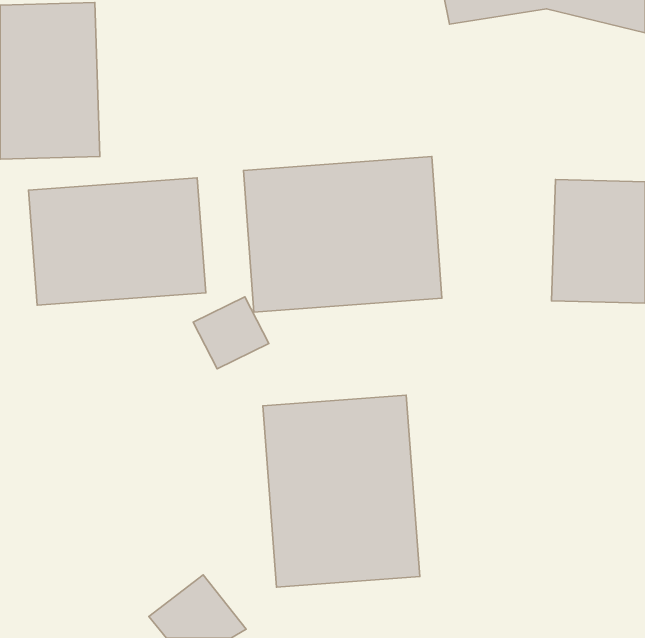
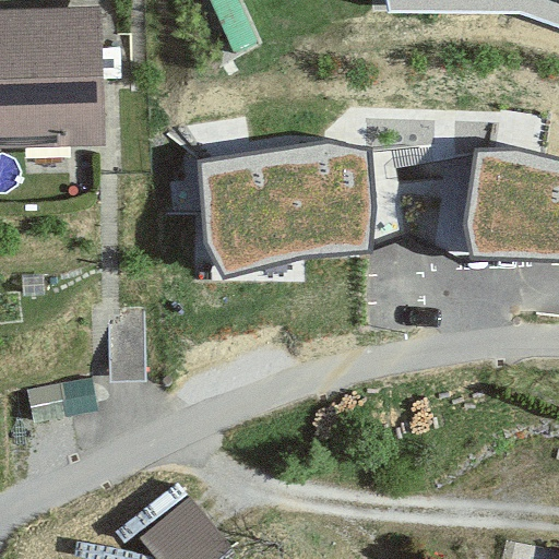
building: [28,178,206,305] -> none
building: [263,395,420,587] -> none

